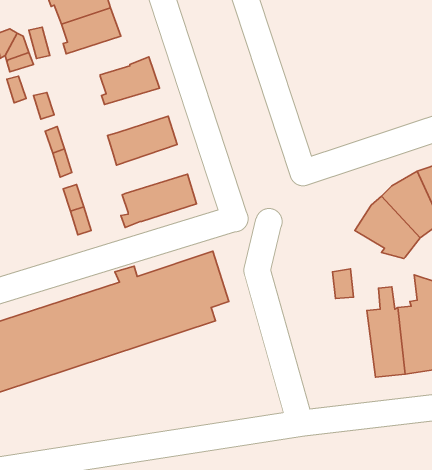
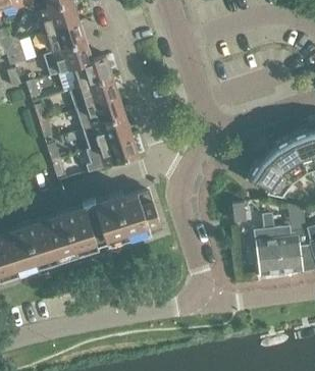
building: none -> [43,41,92,75]
building: none -> [69,76,118,109]
building: none -> [83,115,132,149]

